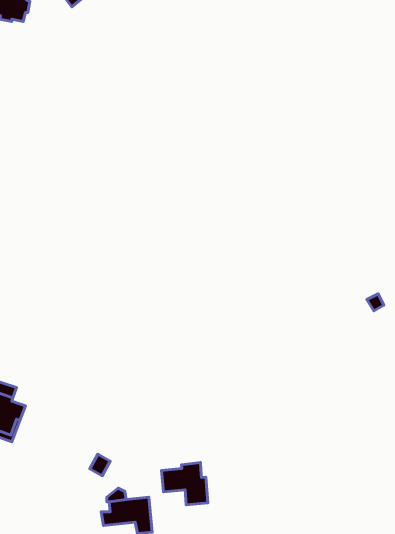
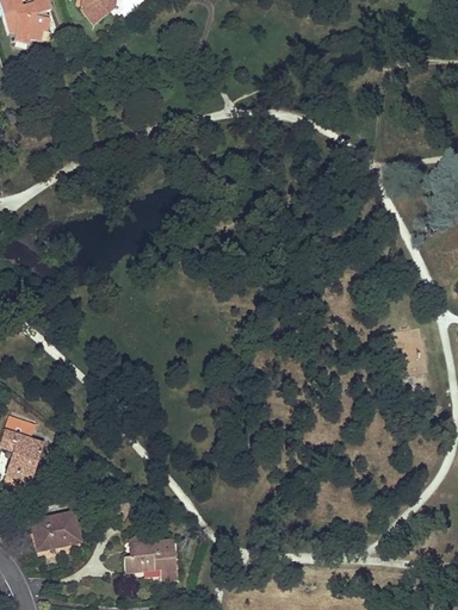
building: [162,463,208,505] -> none
building: none -> [32,512,80,548]

